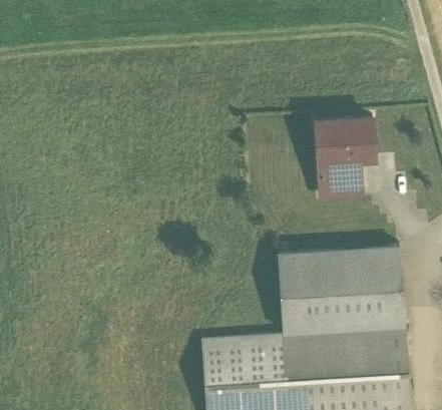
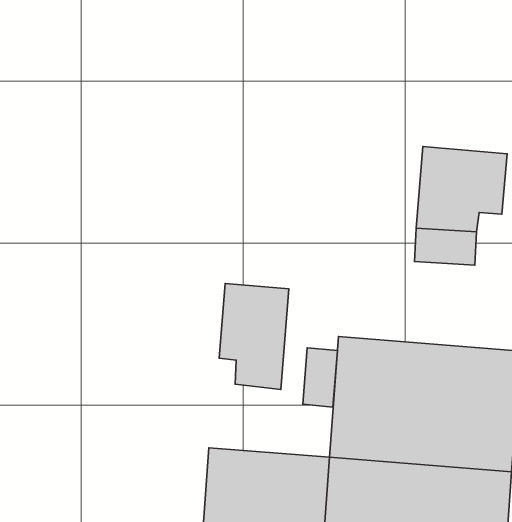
building: none -> [219,284,289,390]
building: none -> [303,348,337,407]

